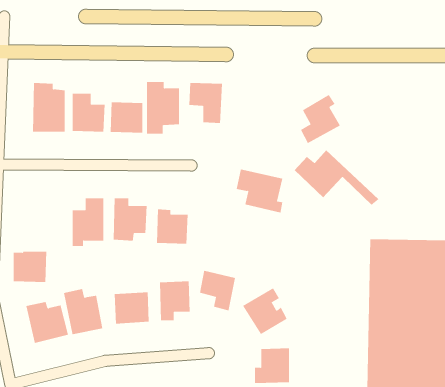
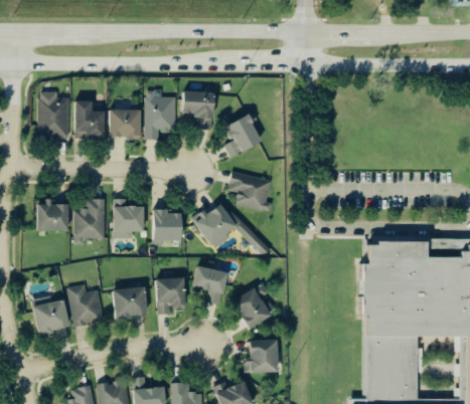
building: [300,94,341,144] -> [224,113,263,159]
building: [294,150,379,206] -> [190,203,270,255]
building: [13,251,47,283] -> [37,203,69,232]

